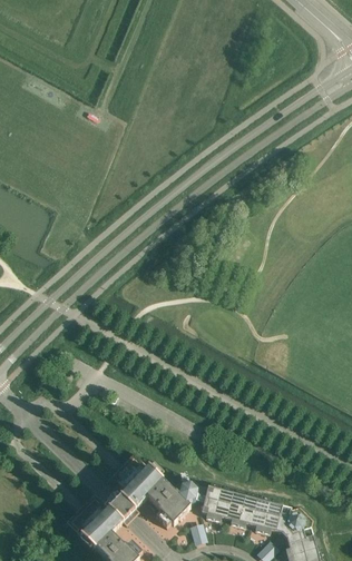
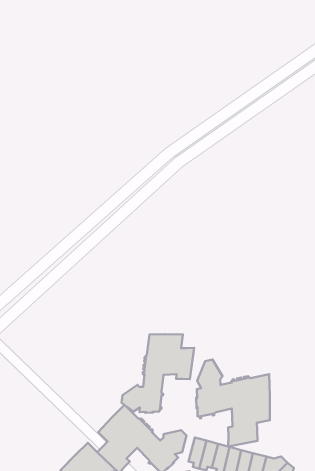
building: none -> [122,334,194,413]
building: none -> [196,359,270,446]

